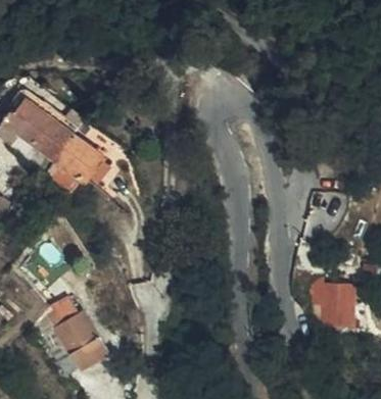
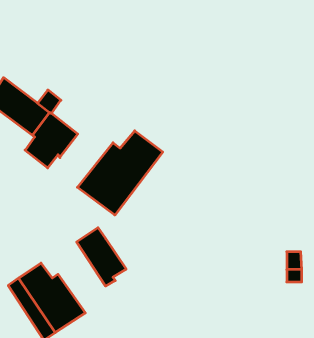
building: none -> [77,131,163,215]
building: none -> [77,228,126,286]

